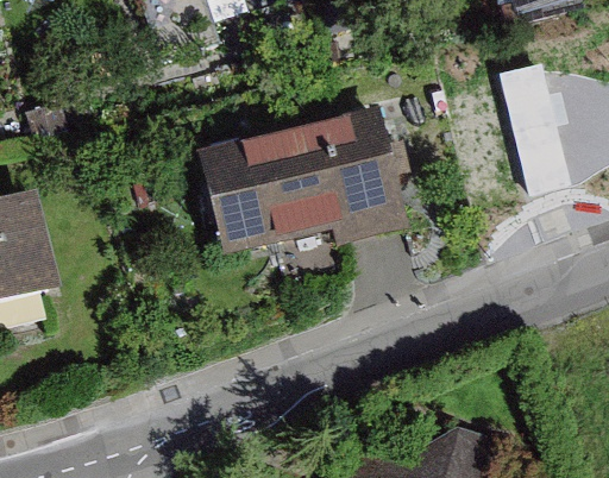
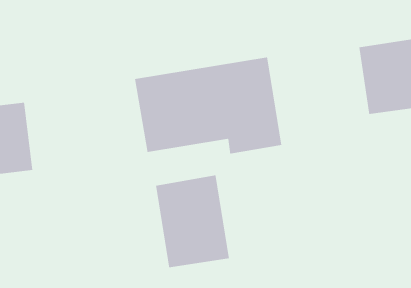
building: none -> [155,175,230,268]

